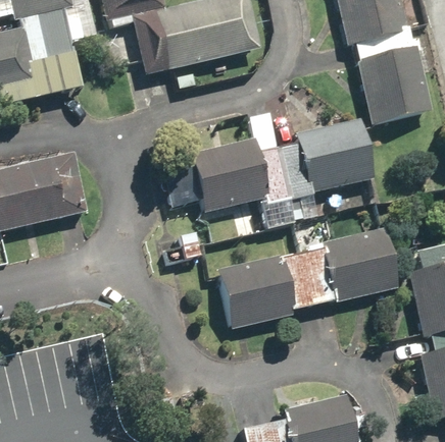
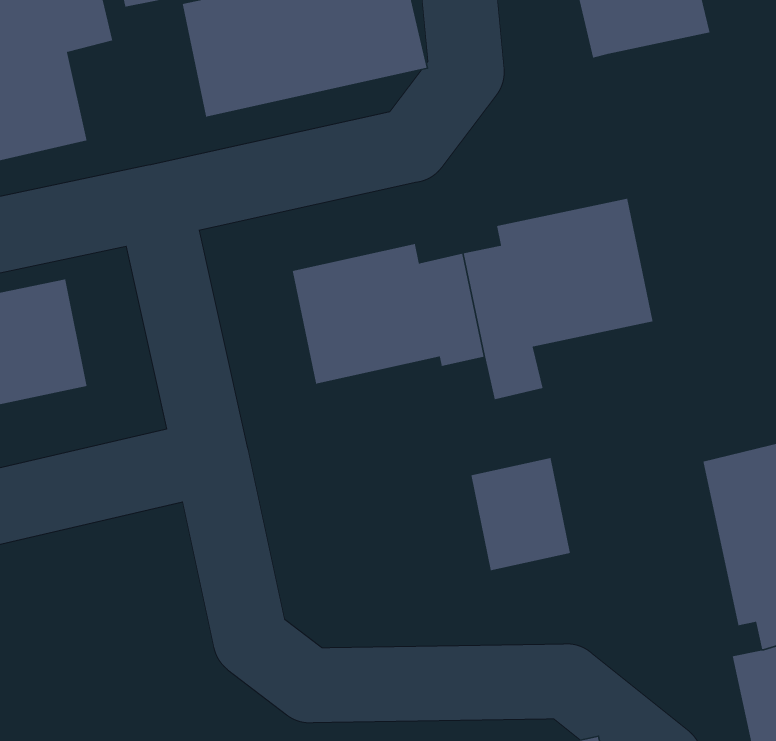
building: [354,29,431,121] -> none
building: [323,229,401,299] -> none
building: [219,256,294,327] -> none

